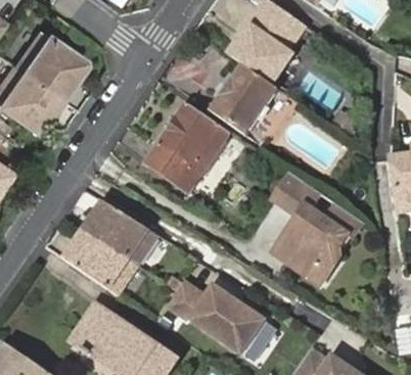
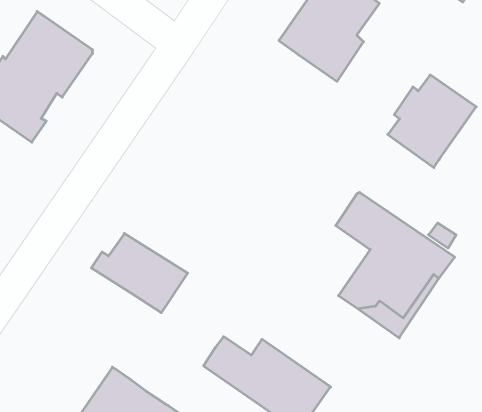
building: [210,64,278,136] -> [388,75,476,168]
building: [146,104,228,192] -> none
building: [67,229,136,294] -> none

